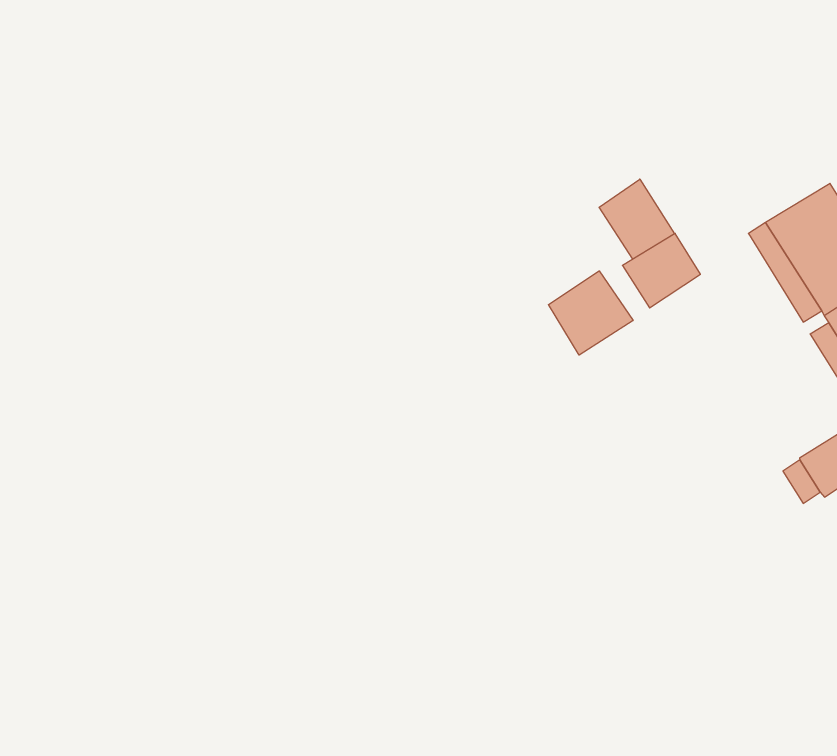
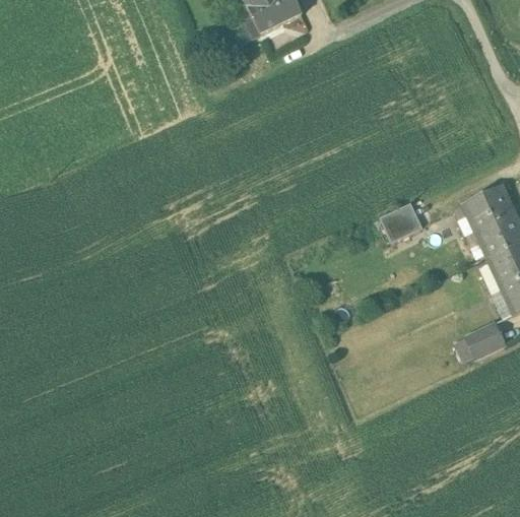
building: [599,179,675,259] -> none
building: [548,271,633,355] -> none

